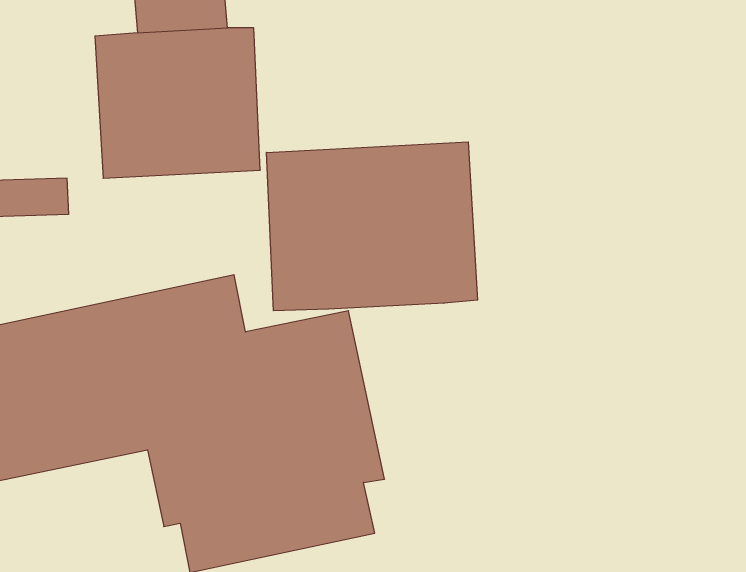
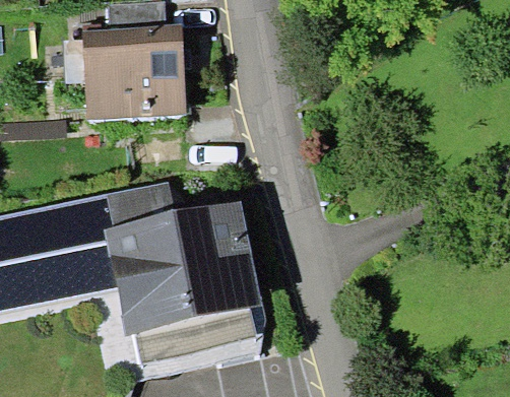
building: [266,142,478,311] -> none

